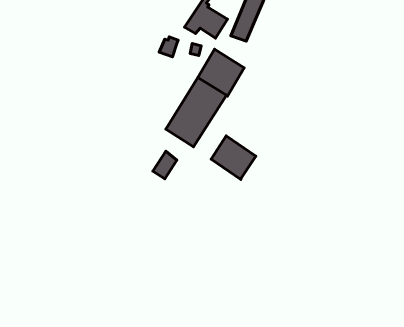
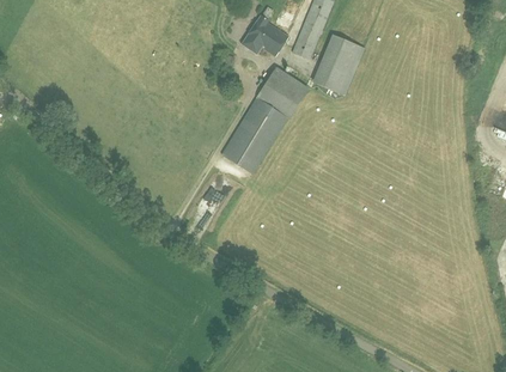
building: none -> [316,36,364,96]
building: [211,136,256,179] -> none

